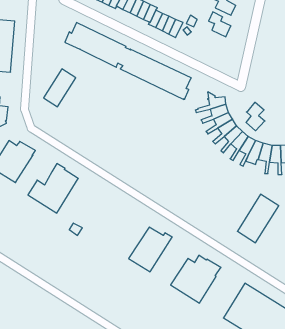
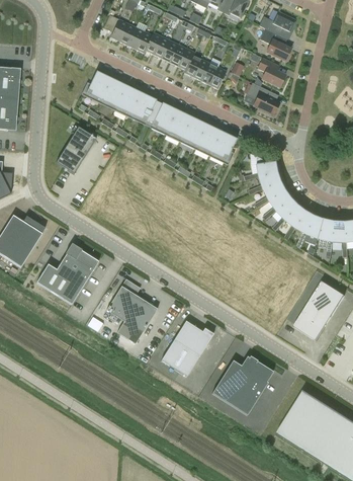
building: none -> [247,82,279,114]
building: [246,102,265,131] -> none
building: none -> [105,278,158,344]

